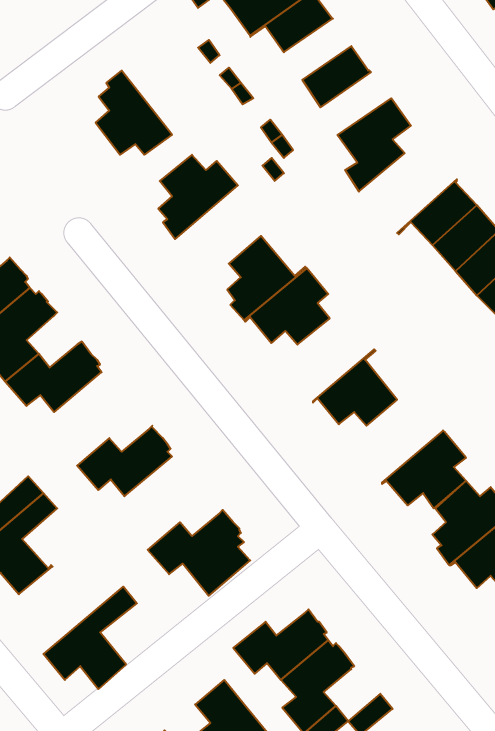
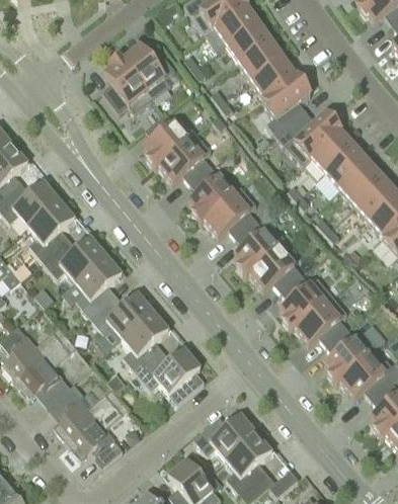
building: none -> [226,22,270,63]
building: none -> [118,46,174,99]
building: none -> [250,58,297,99]
building: none -> [275,111,340,164]
building: none -> [154,133,211,184]
building: none -> [233,221,286,275]
building: none -> [74,256,123,318]
building: none -> [278,274,331,329]
building: none -> [121,312,170,373]
building: none -> [51,385,120,442]

